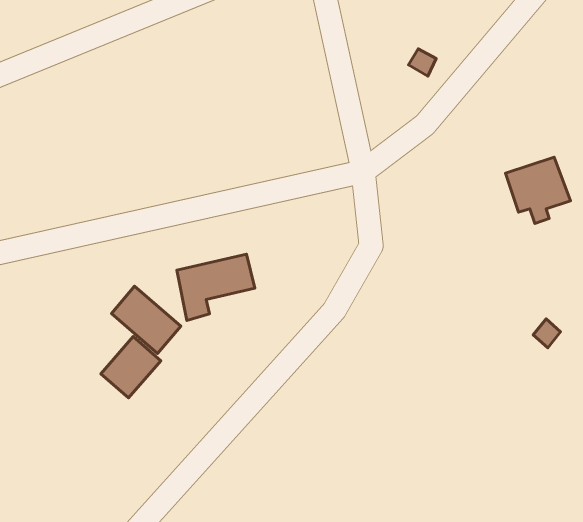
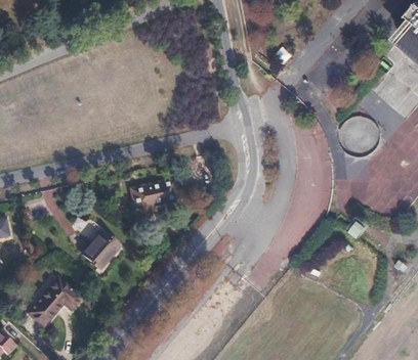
building: [111,286,181,353] -> none
building: none -> [24,273,78,321]

